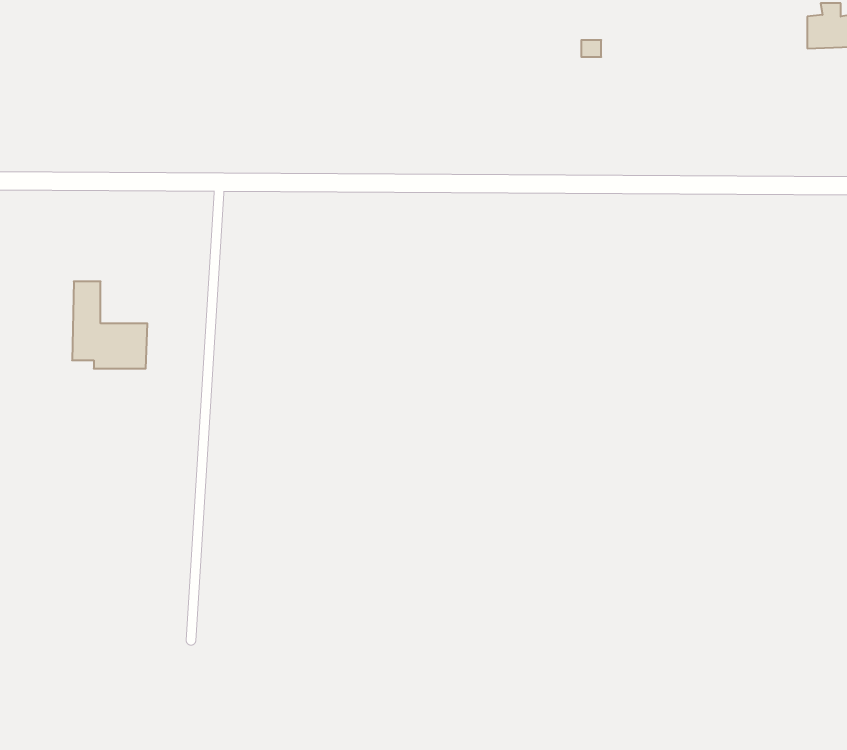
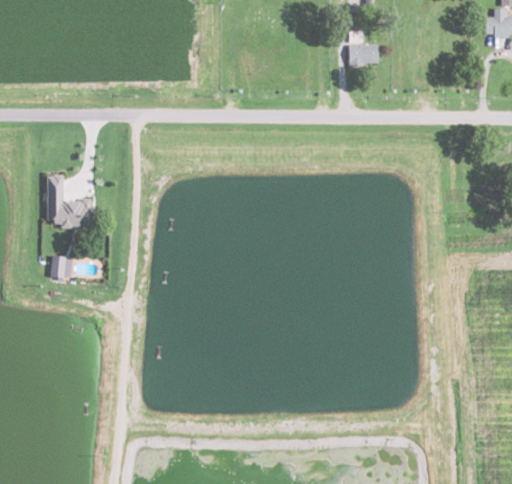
building: none -> [350,44,379,64]
building: none -> [51,256,73,279]

